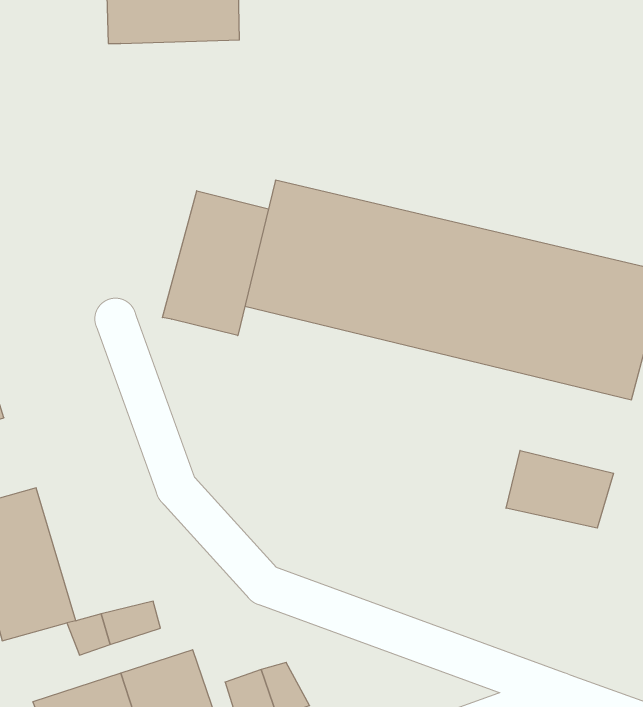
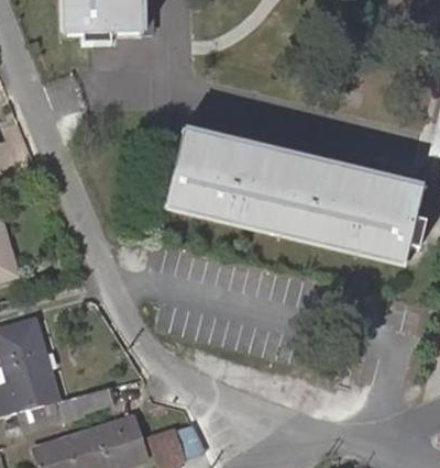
building: [162,191,268,336] -> none
building: [506,450,614,528] -> none

